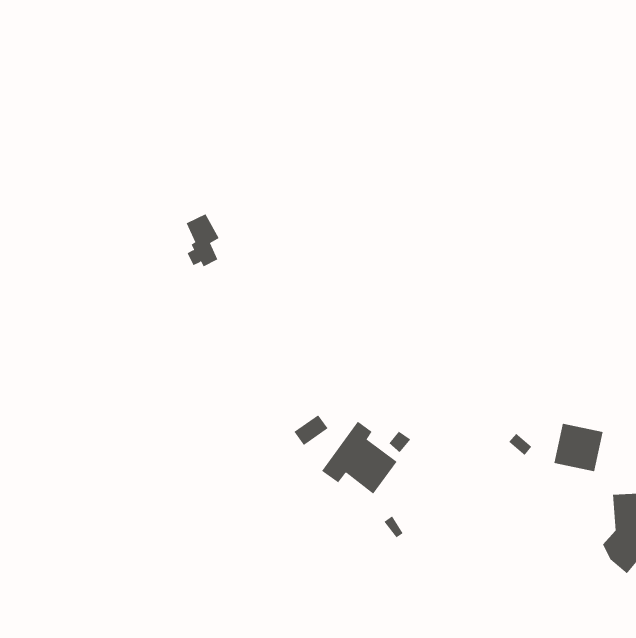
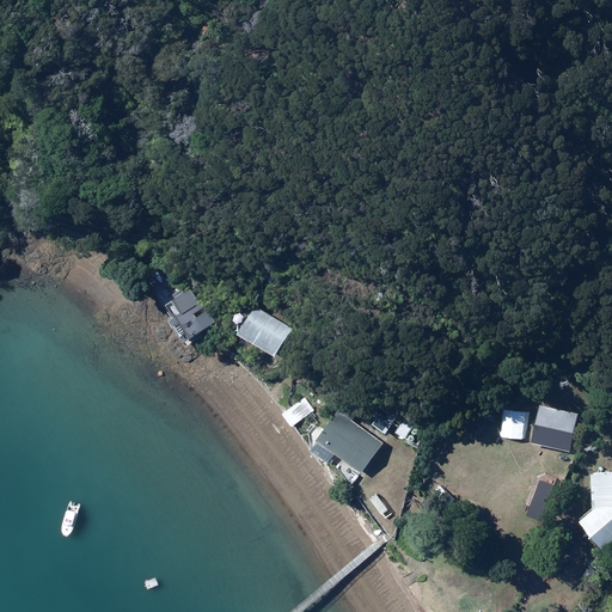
building: [186,213,219,267] -> [171,284,203,336]
building: none -> [239,306,290,356]

